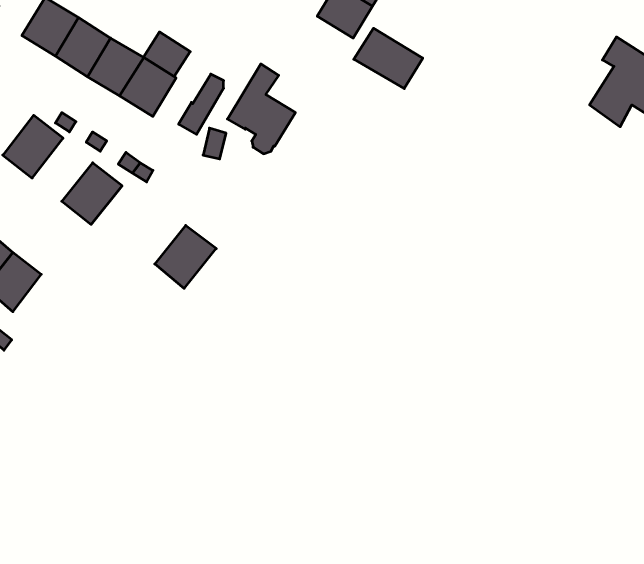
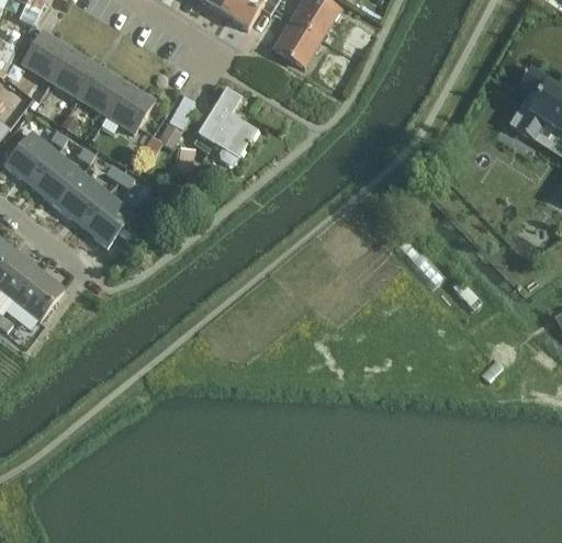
building: [354,28,423,89] -> none
building: [143,32,190,77] -> none
building: none -> [31,151,82,205]
building: [155,225,216,288] -> [81,192,134,246]
building: none -> [14,268,65,319]

